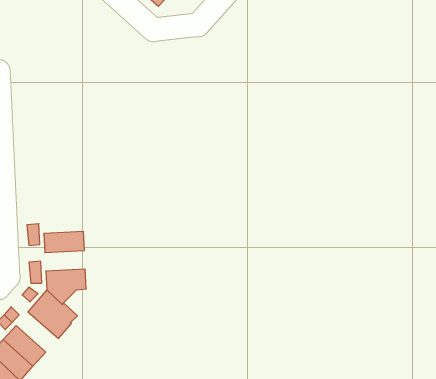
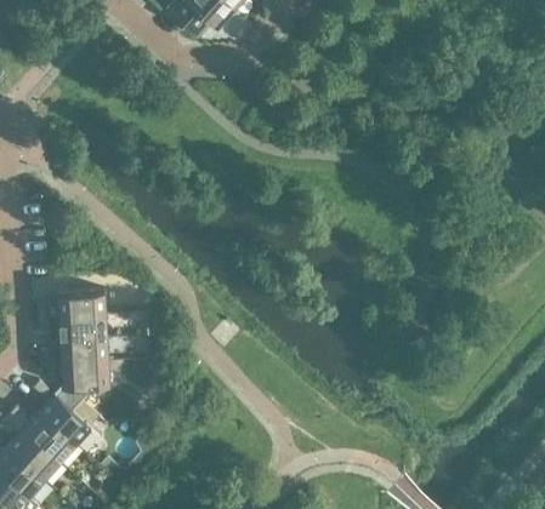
building: none -> [56,293,106,320]
building: none -> [58,341,108,366]
building: none -> [23,416,75,465]

